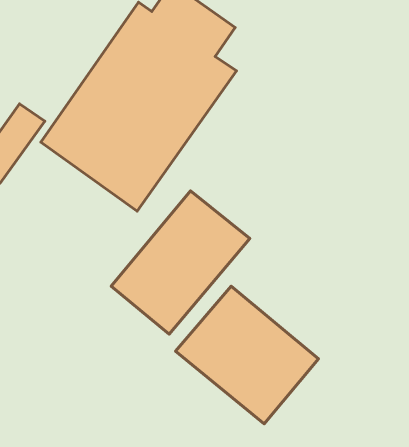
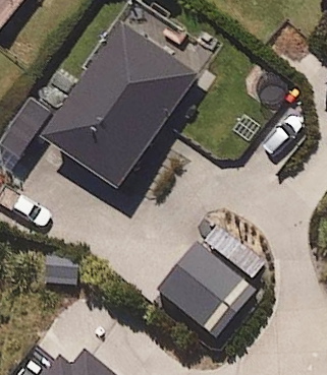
building: [111,191,250,334] -> none

